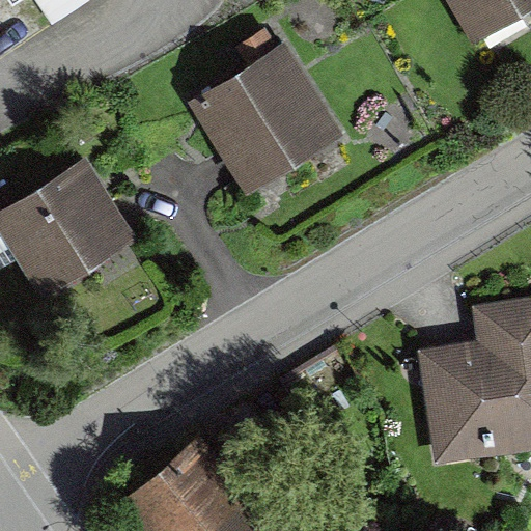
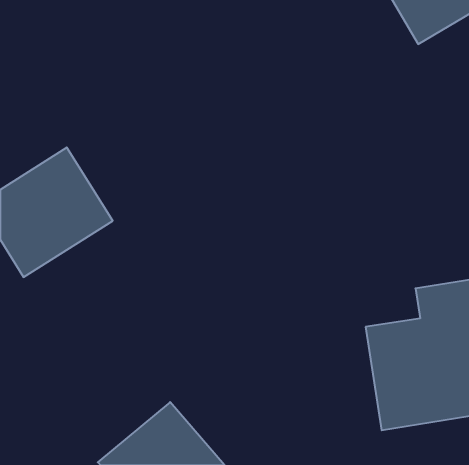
building: [190,50,342,200] -> none

